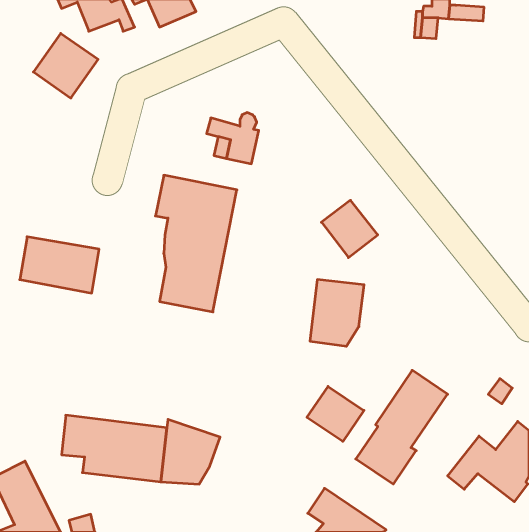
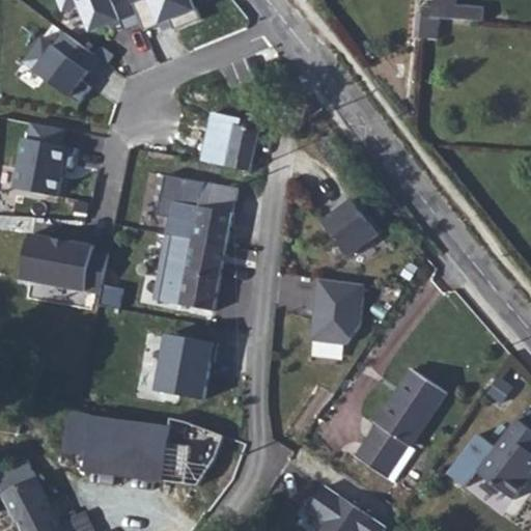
building: none -> [18,121,65,196]
building: none -> [152,330,215,399]
building: [307,386,364,441] -> none

